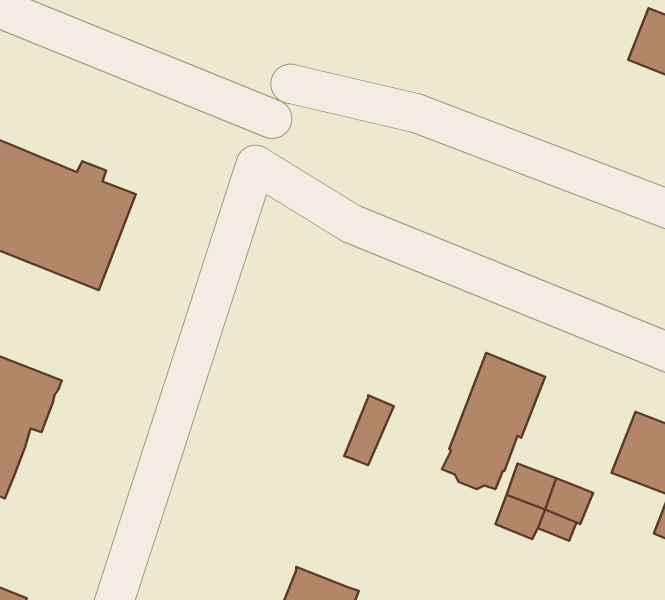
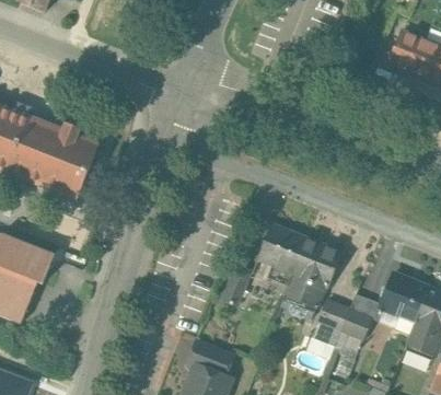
building: none -> [259,223,306,282]
building: none -> [187,340,232,375]

